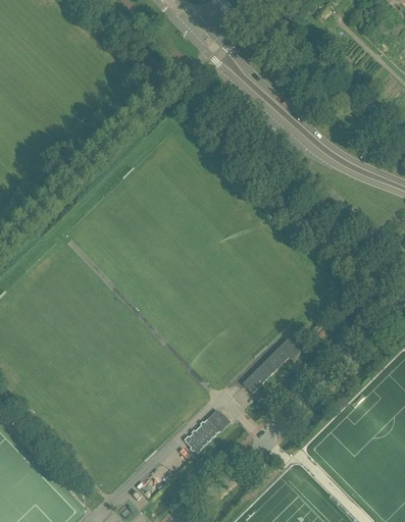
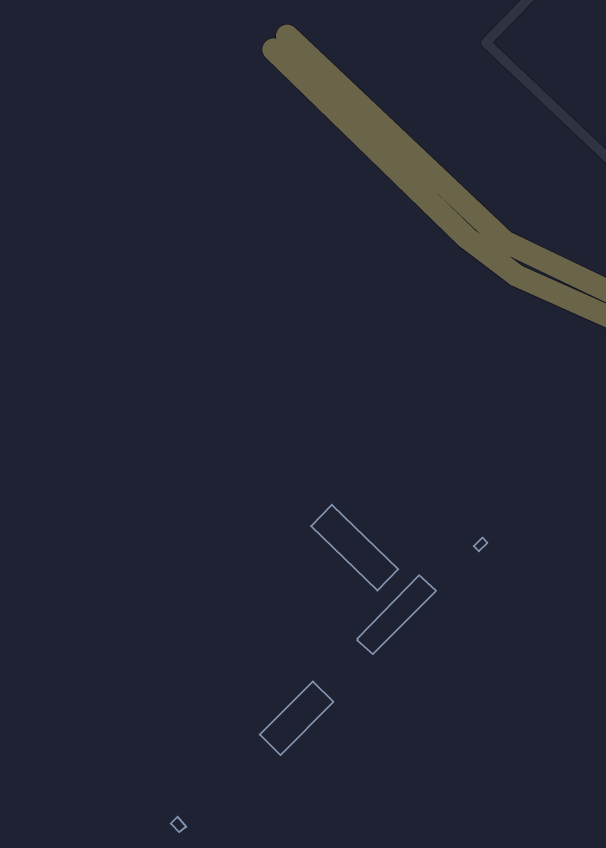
building: none -> [311,505,398,591]

